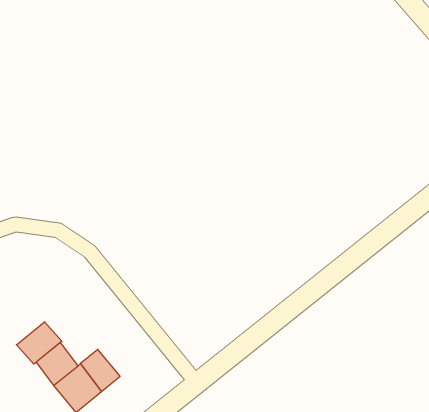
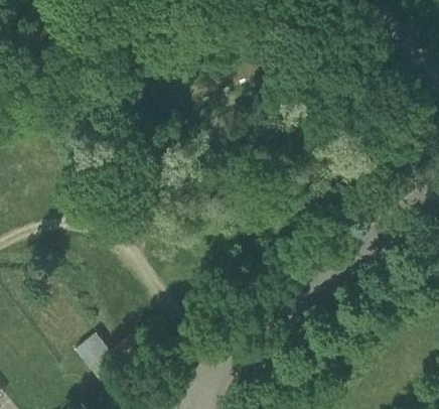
building: [16,322,62,364] -> none

